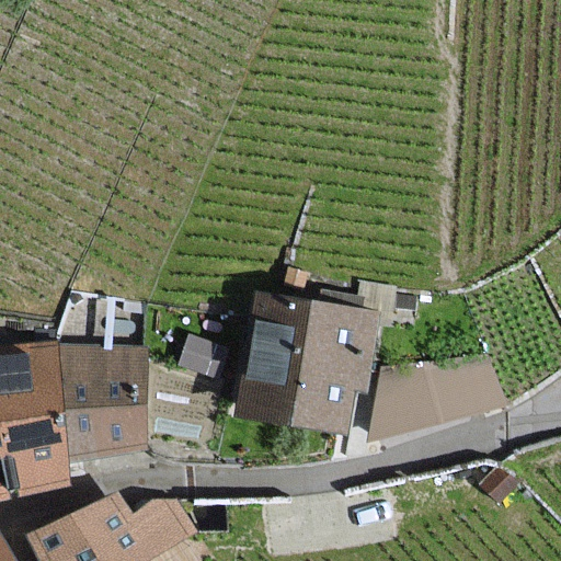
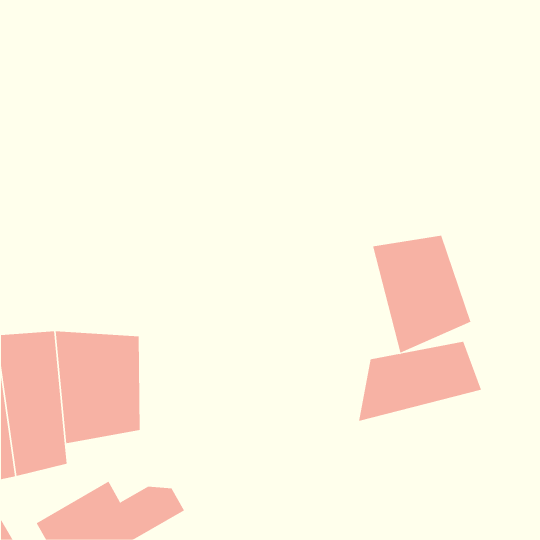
building: none -> [372,235,471,354]
building: [245,296,378,432] -> none

